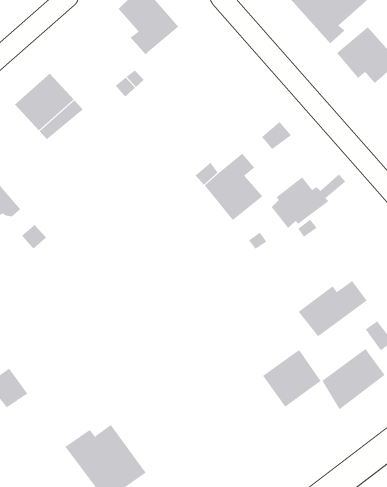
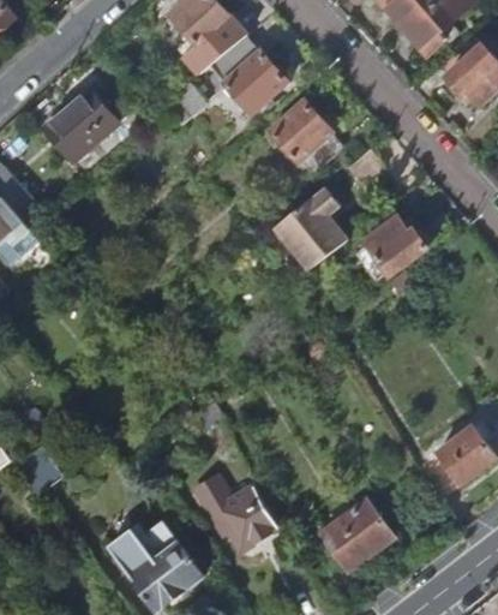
building: none -> [208,34,284,112]
building: none -> [268,101,340,175]
building: [298,280,367,337] -> none
building: [262,349,321,407] -> [319,498,391,569]
building: none -> [192,476,276,547]

